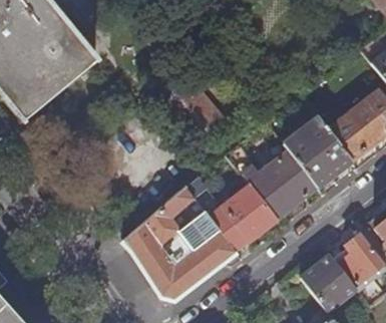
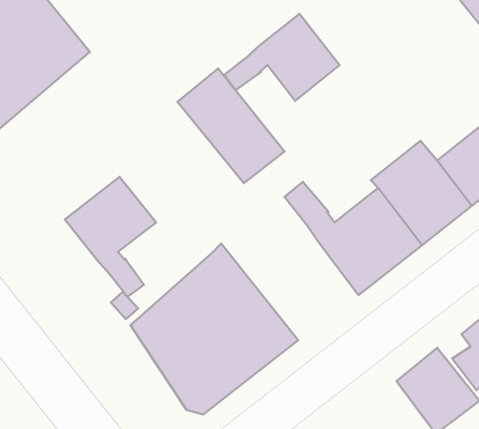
building: none -> [224,14,339,101]
building: none -> [65,177,156,297]
building: [185,177,277,250] -> none

